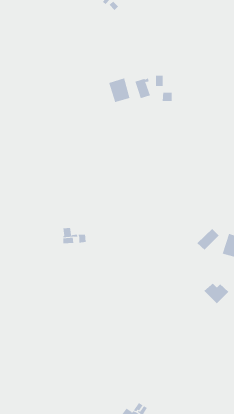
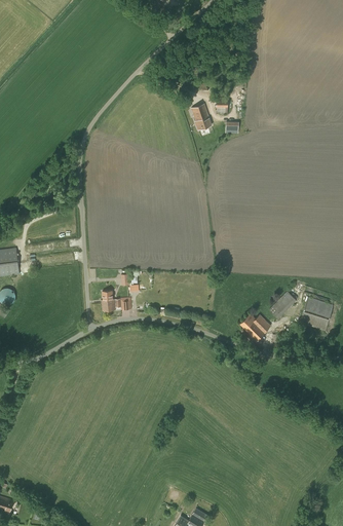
building: [108,78,130,103] -> none
building: [204,283,229,304] -> [239,313,271,340]

